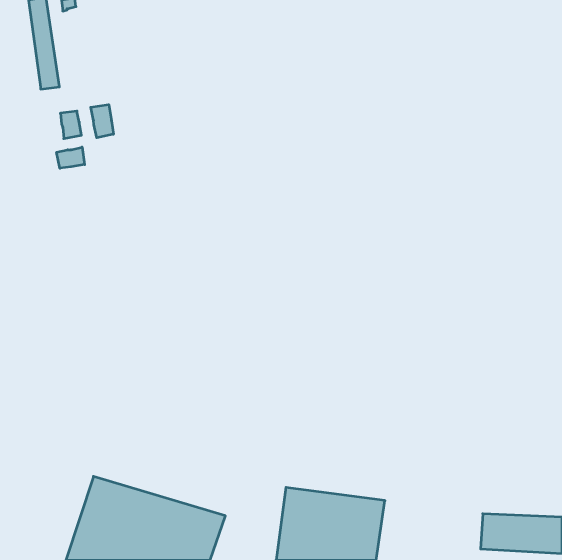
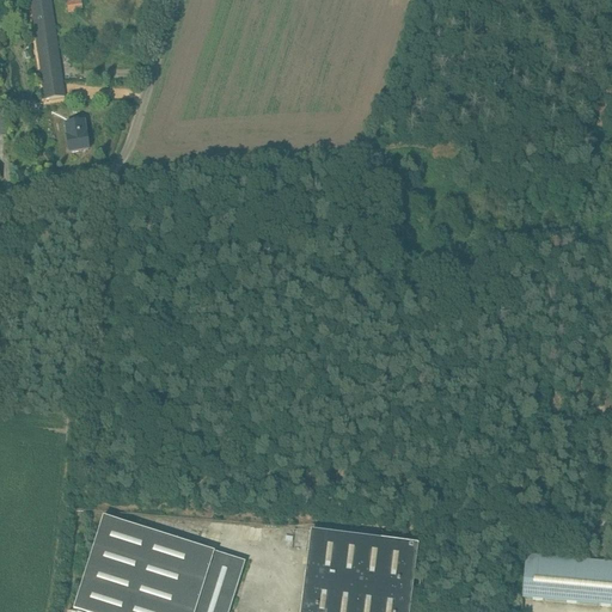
building: [91,105,113,138] -> none
building: [57,147,85,168] -> none

